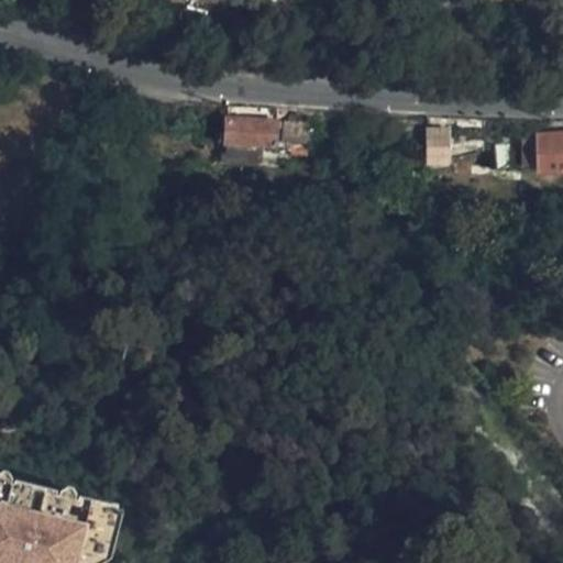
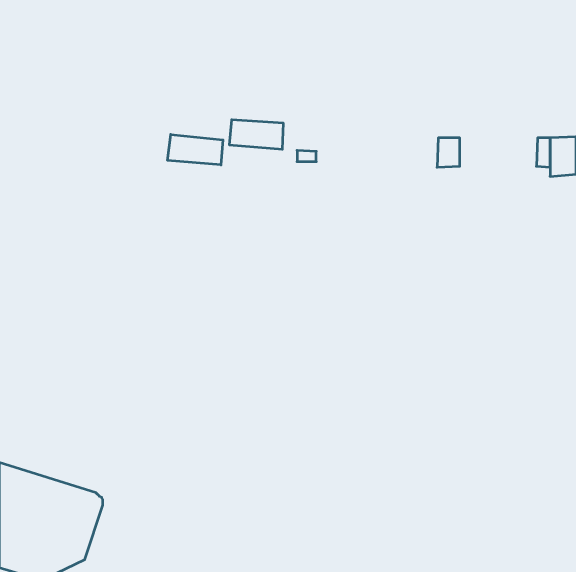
building: none -> [168,134,223,165]

